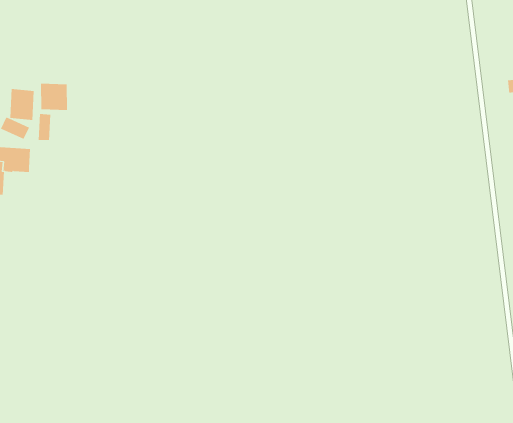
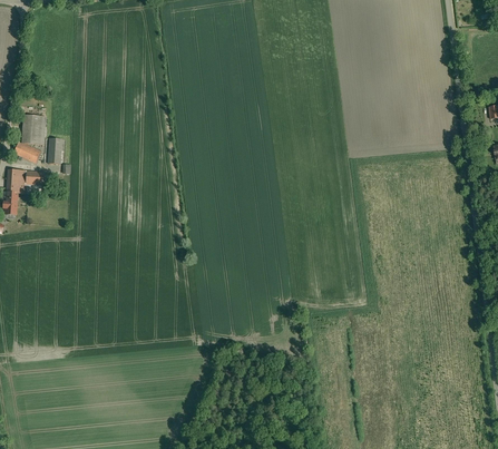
building: [41,83,67,111] -> none

